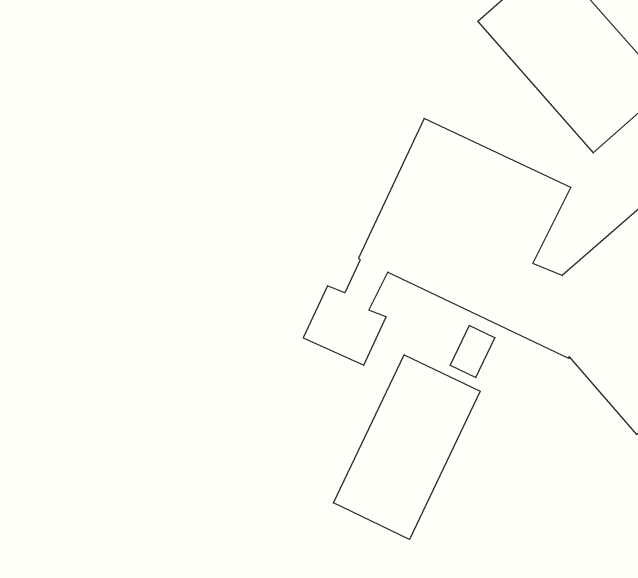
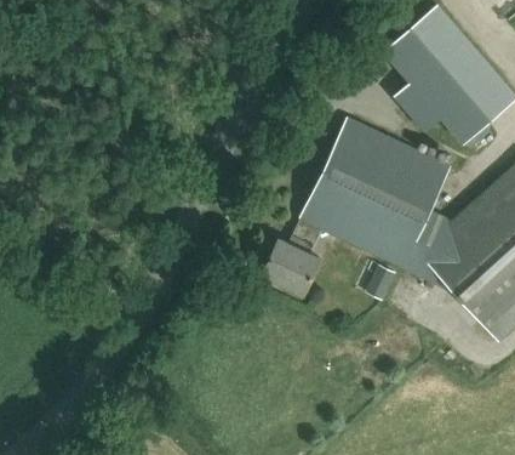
building: none -> [393,81,441,132]
building: [333,355,480,539] -> none

